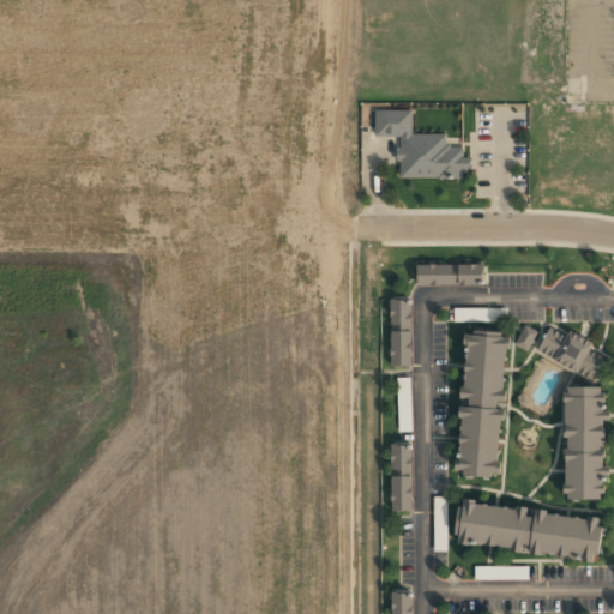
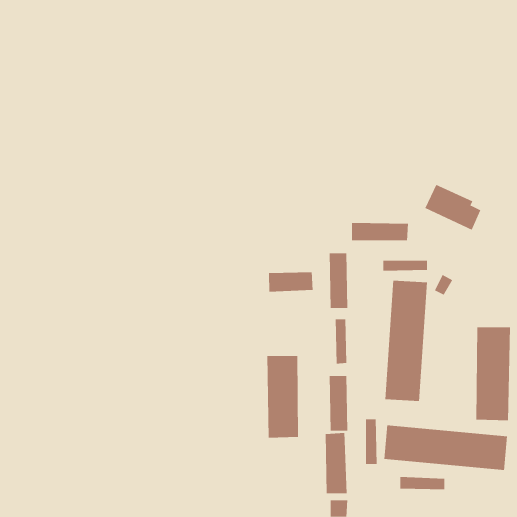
building: [371,108,459,179] -> none
building: none -> [269,272,313,292]
building: [536,324,603,379] -> [425,184,481,231]
building: none -> [267,355,299,438]
building: none -> [325,432,347,494]

